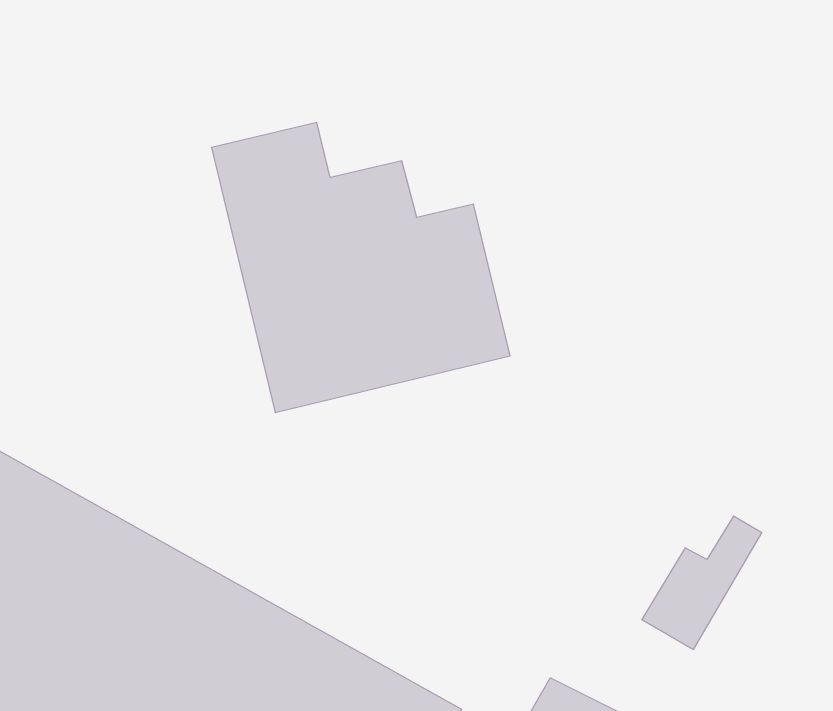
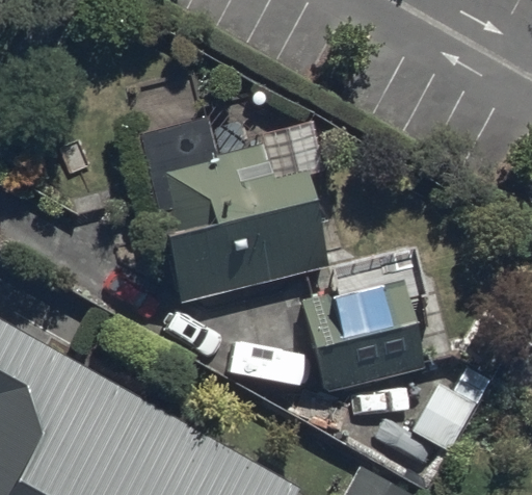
building: none -> [302,277,424,394]

